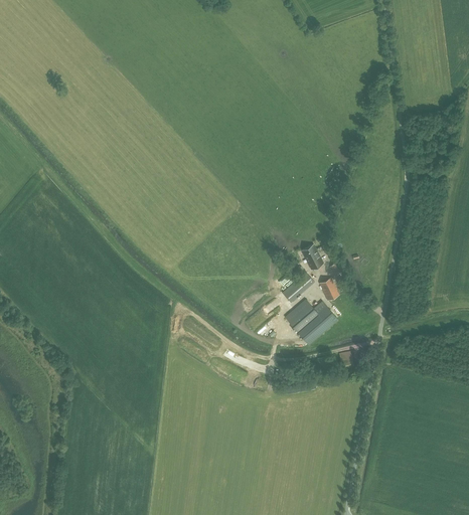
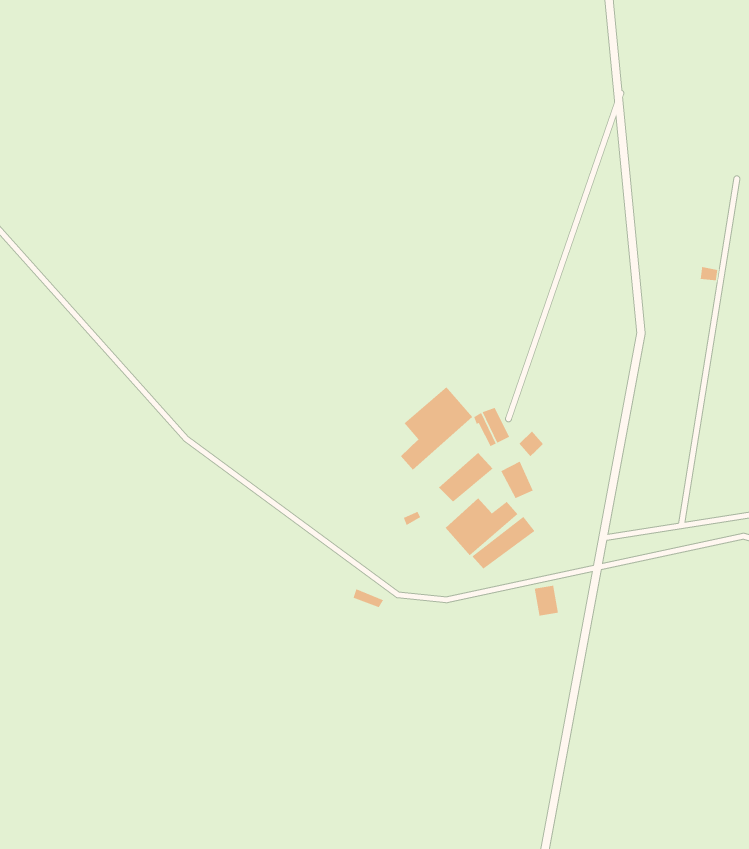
building: none -> [400,386,473,470]

